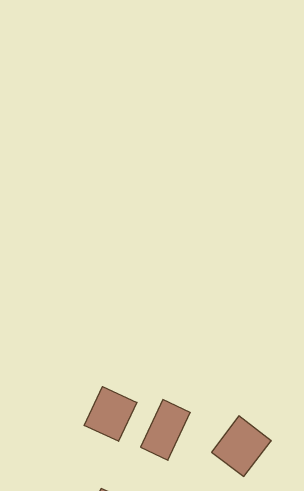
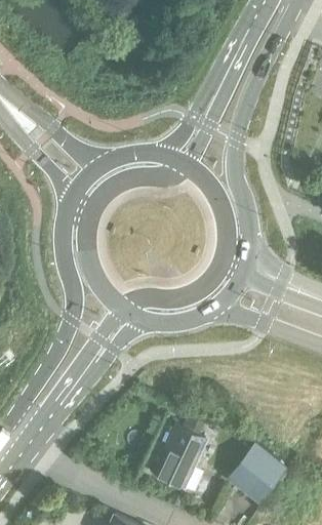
building: [84,387,137,441] -> none

